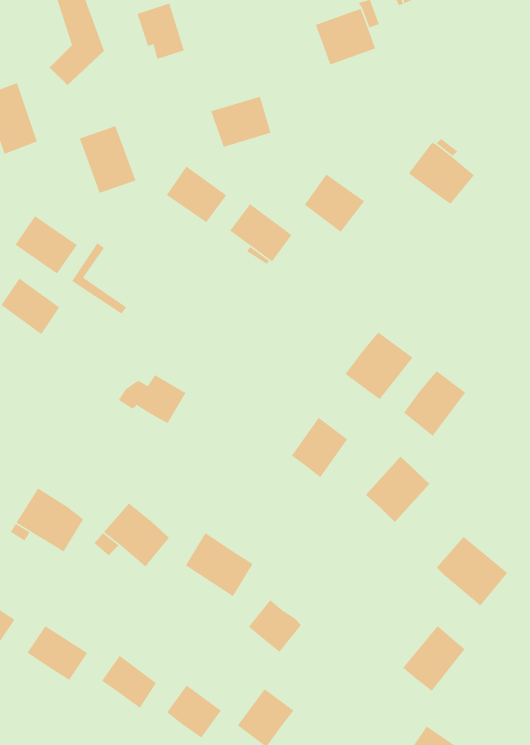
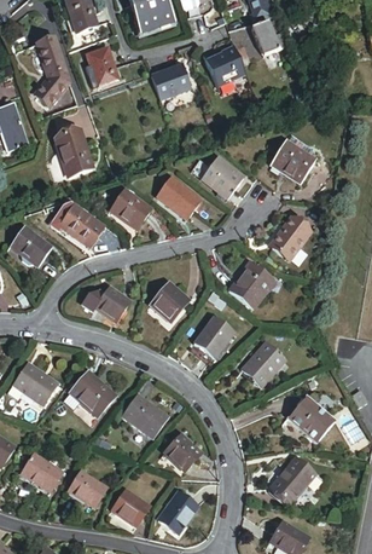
building: [210,96,272,148] -> [152,65,192,99]
building: [166,165,227,223] -> [107,192,147,230]
building: [15,215,78,275] -> [59,208,100,247]
building: none -> [152,284,188,319]
building: [403,370,466,437] -> [268,218,309,261]

